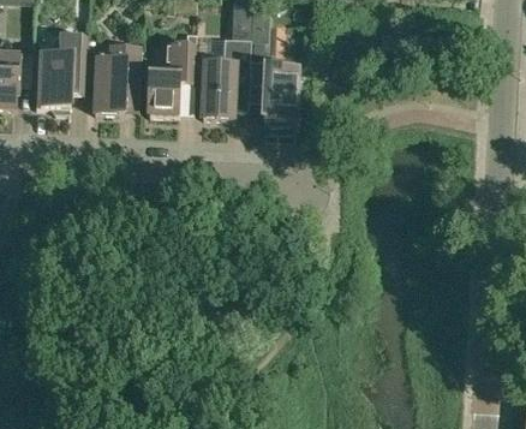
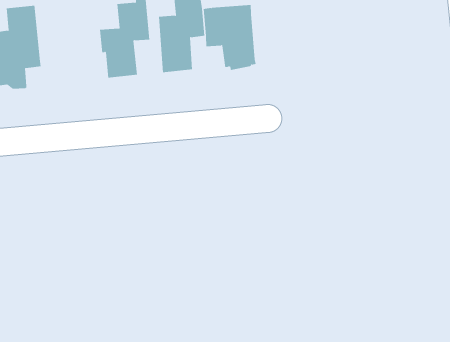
building: [92,44,141,113] -> none

